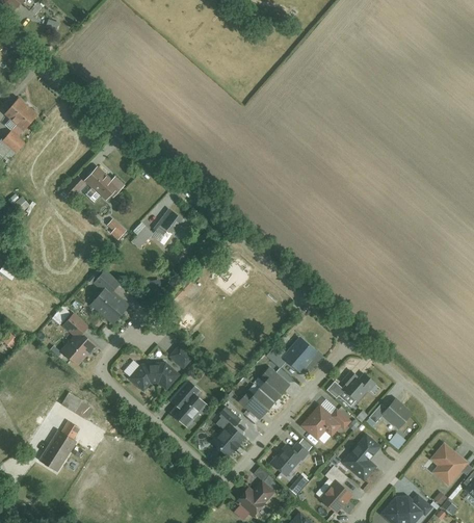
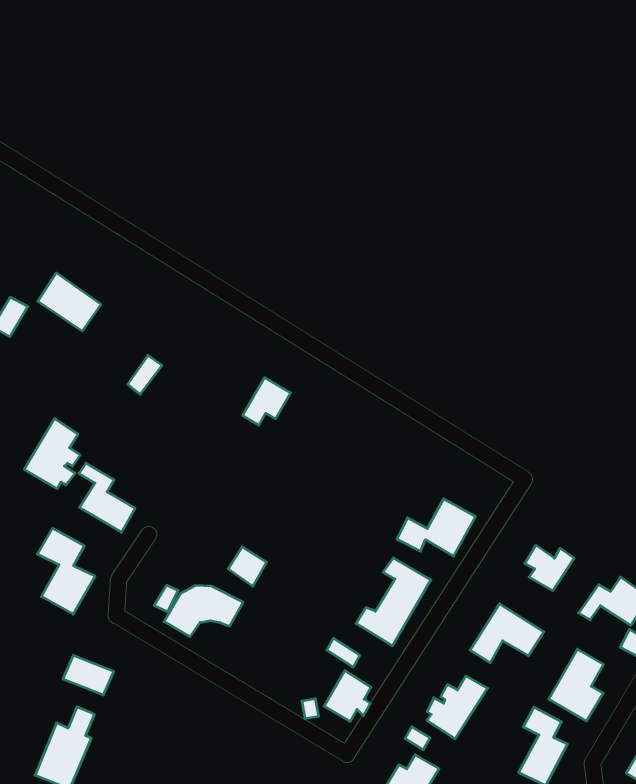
building: [152,206,182,233] -> [243,378,291,425]
building: none -> [24,419,80,489]
building: [168,381,205,428] -> none

